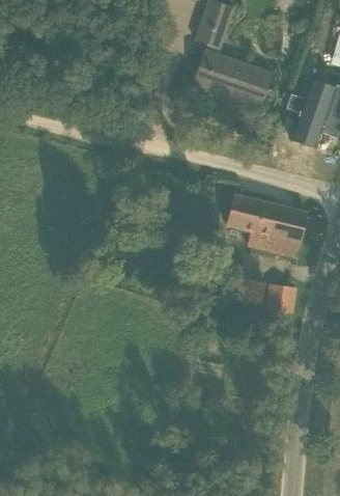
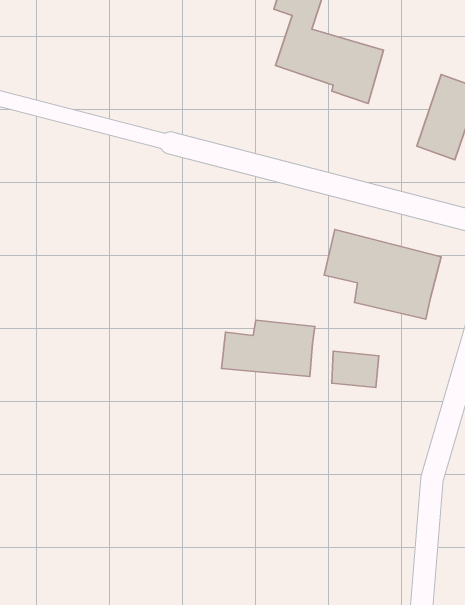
building: none -> [222,320,315,376]
building: [267,282,296,311] -> none

